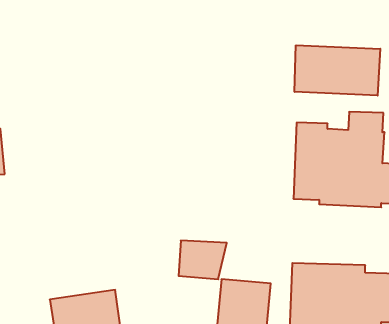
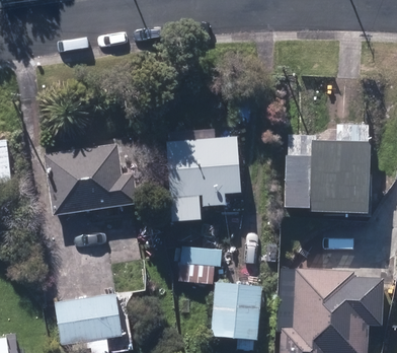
building: [295,45,380,96] -> none
building: none -> [167,136,242,222]
building: none -> [45,144,139,215]

